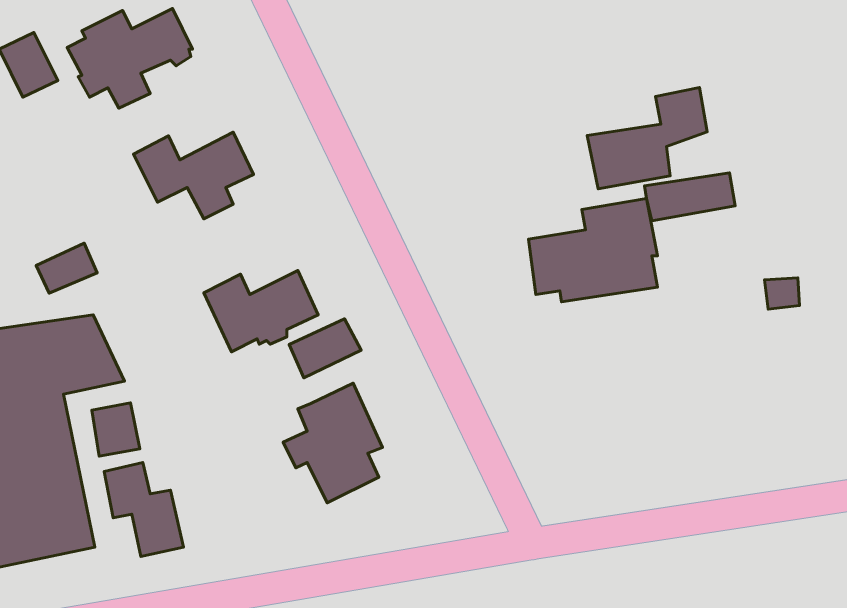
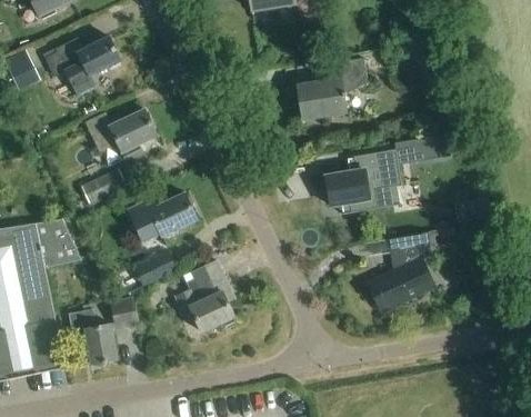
building: [587,87,707,189] -> [295,56,368,117]
building: [36,243,97,293] -> [88,169,124,199]
building: [289,319,361,378] -> [134,252,178,288]
building: none -> [365,231,437,312]
building: [92,403,140,456] -> [110,296,139,328]

